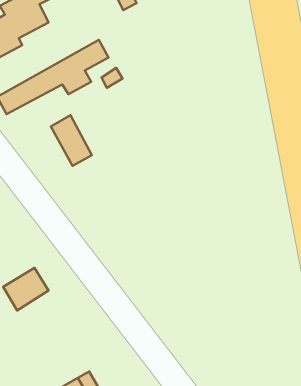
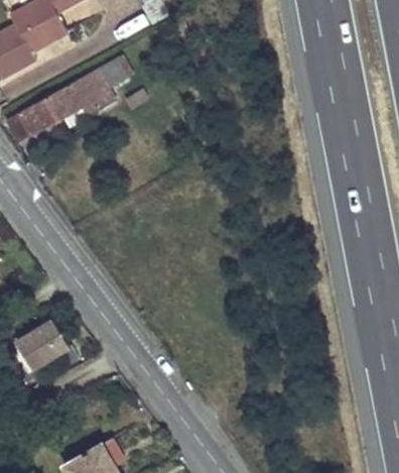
building: [51,115,92,166] -> none

